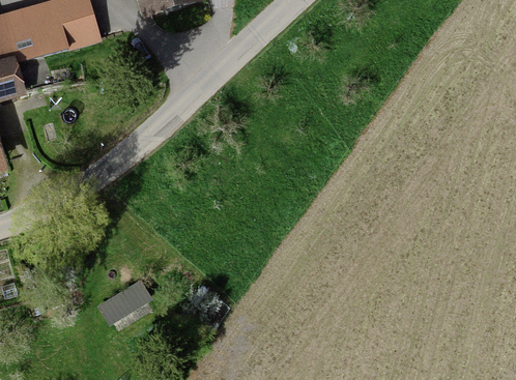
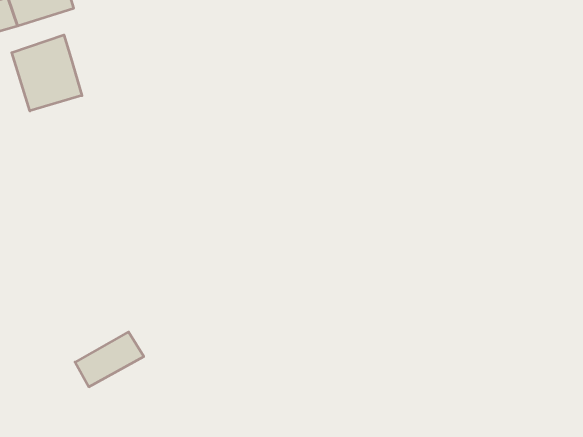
building: none -> [12,35,82,111]

